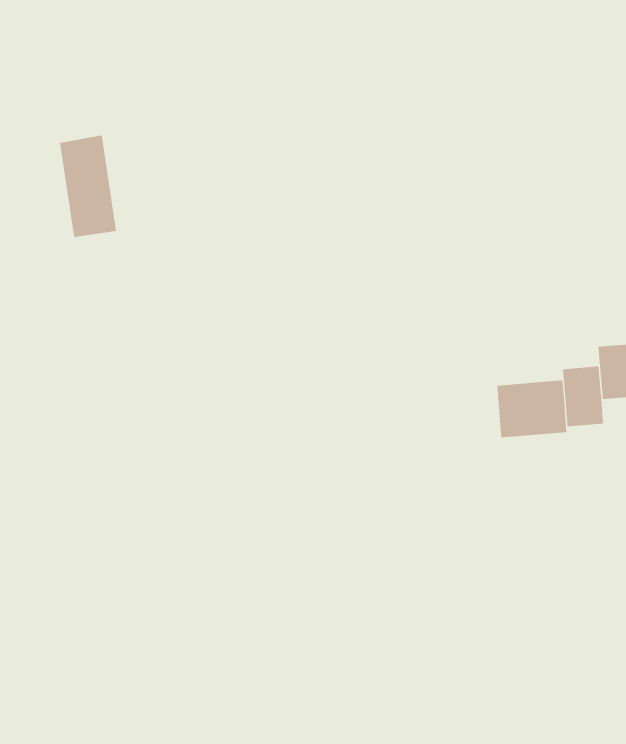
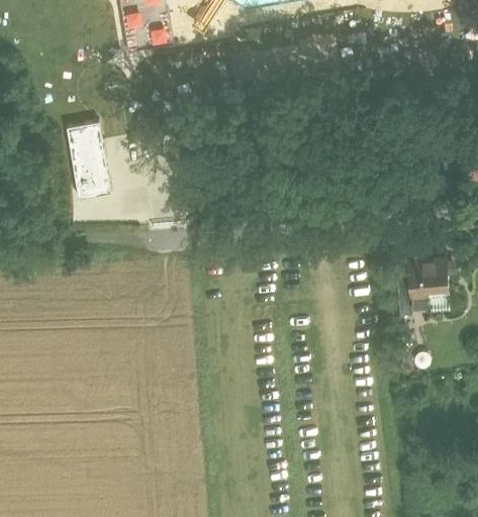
building: [497,380,567,438] -> none

